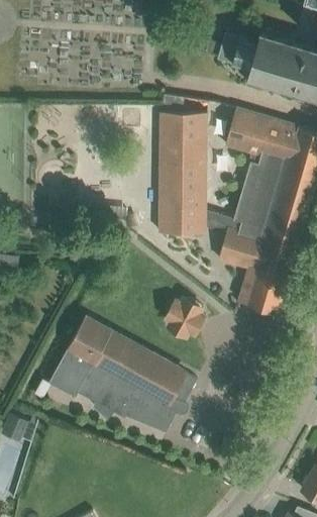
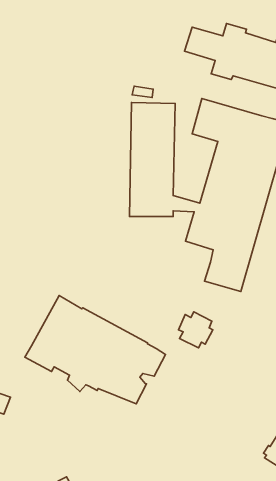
building: [167,296,203,334] -> [179,312,213,348]

